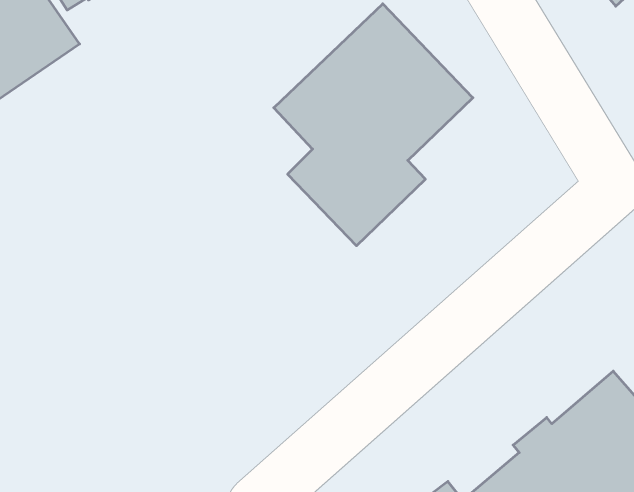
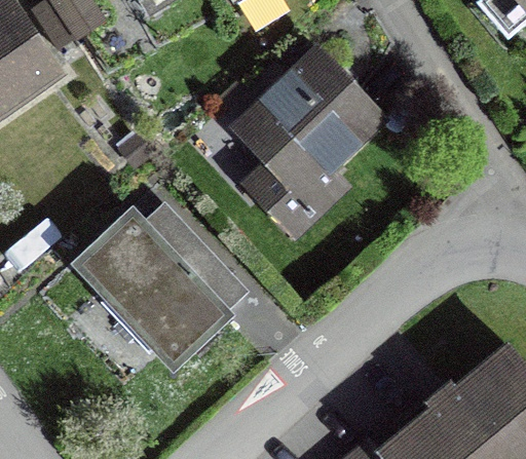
building: none -> [69,200,249,377]

